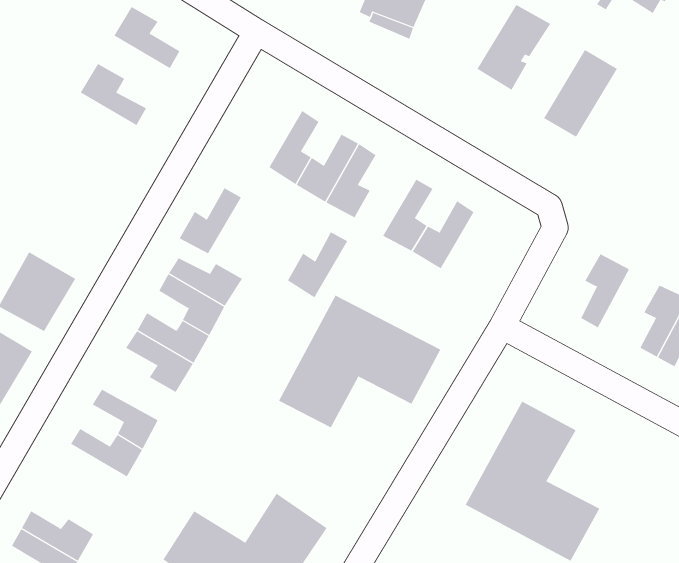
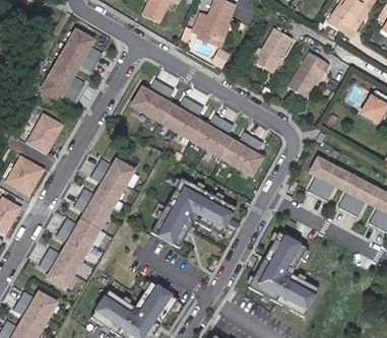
building: none -> [57,44,94,69]
building: none -> [40,73,77,99]
building: none -> [25,113,64,155]
building: [179,188,242,254] -> [130,77,163,112]
building: none -> [235,135,260,173]
building: [287,231,348,298] -> [190,113,221,147]
building: none -> [316,164,347,199]
building: none -> [59,217,98,243]
building: none -> [38,255,72,287]

